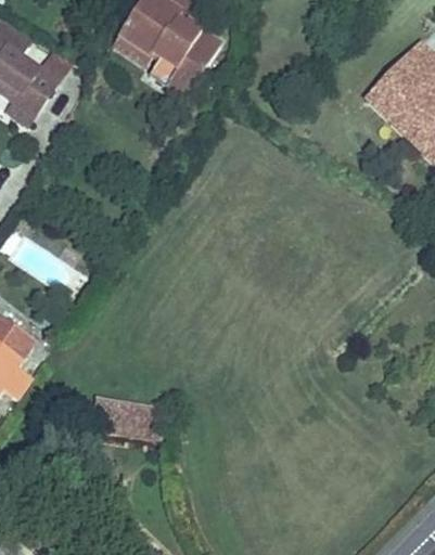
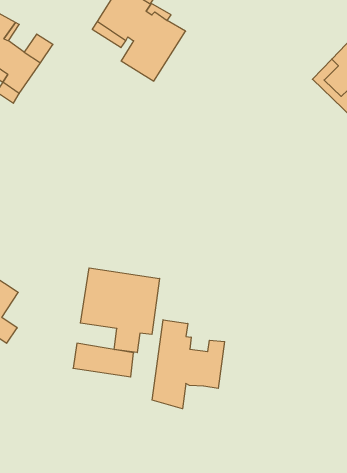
building: none -> [80,268,160,353]
building: none -> [152,320,225,409]

